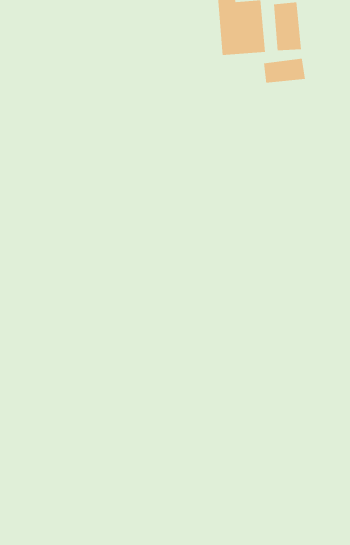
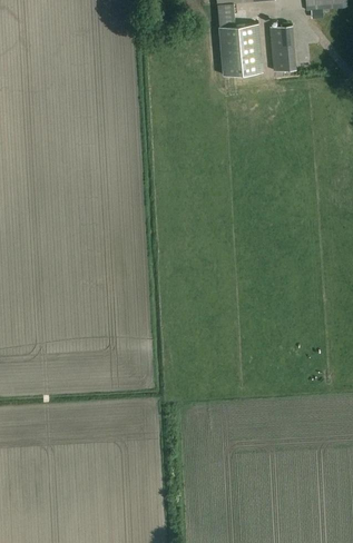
building: [264,58,305,83] -> none

